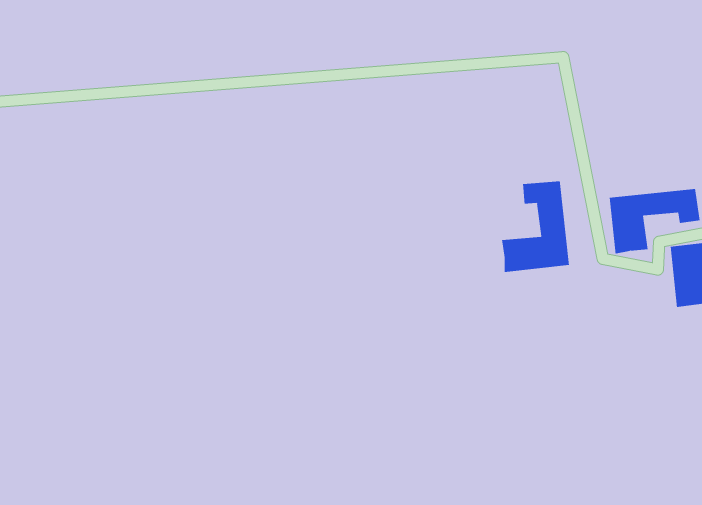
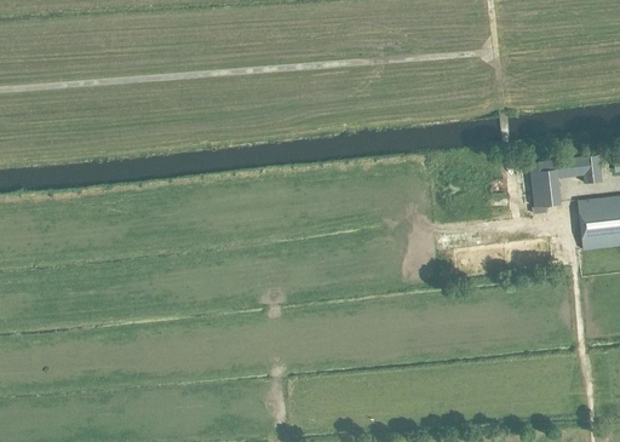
building: [502,180,570,273] -> none

